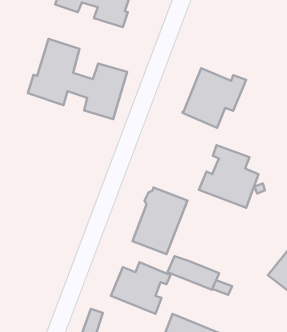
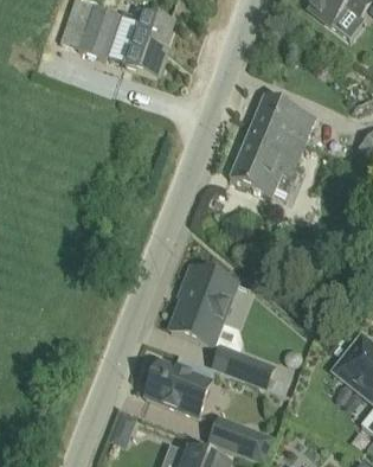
building: [28,39,127,119] -> none
building: none -> [252,92,315,139]
building: [199,145,259,208] -> none

